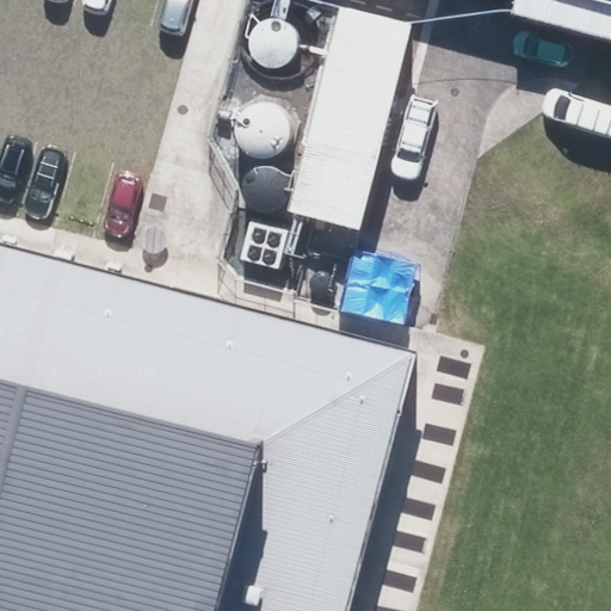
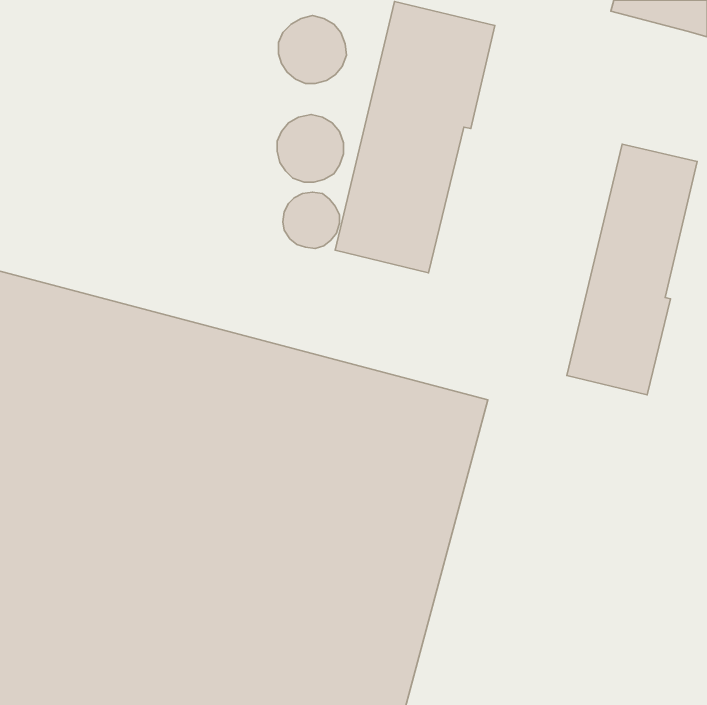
building: none -> [567,144,697,395]

